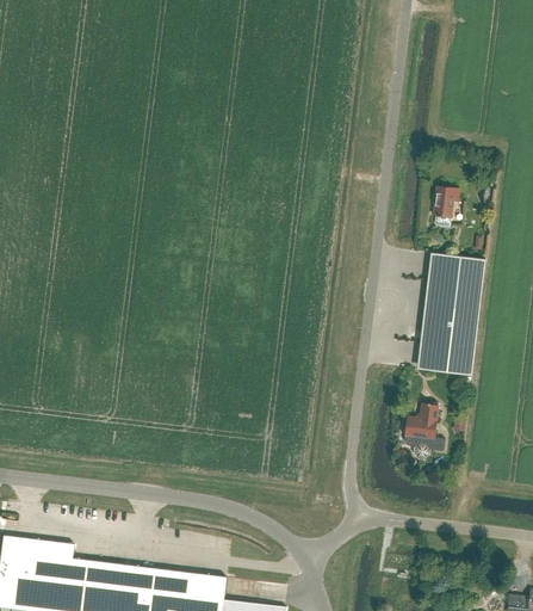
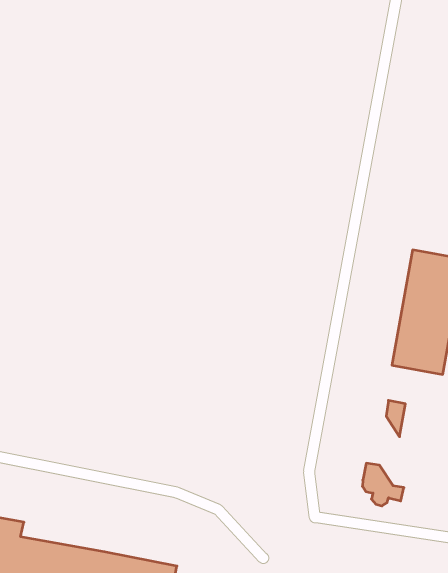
building: [433,186,458,227] -> none
building: [404,418,445,458] -> [362,463,404,506]

